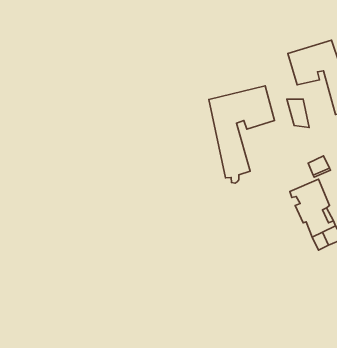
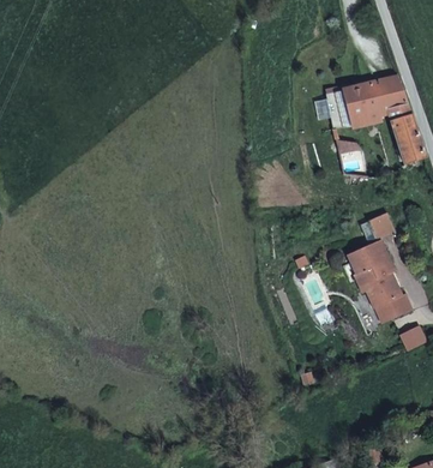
building: [209,86,275,183] -> none

